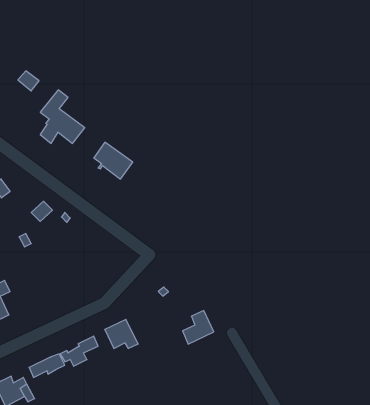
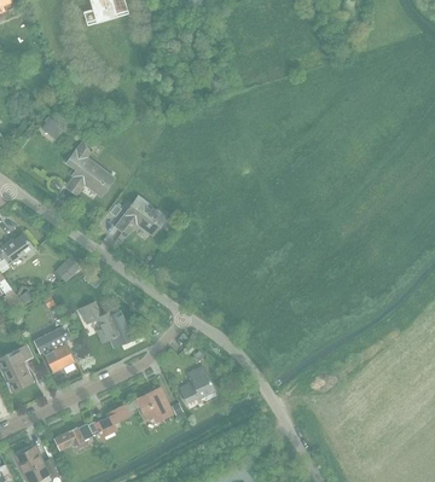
building: none -> [80,302,120,342]
building: none -> [33,326,74,372]
building: [183,311,214,344] -> [179,366,213,402]

